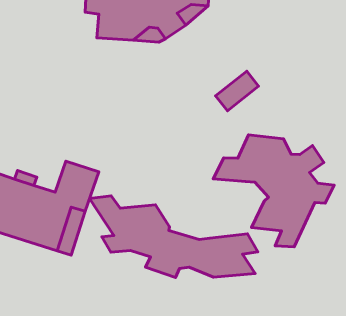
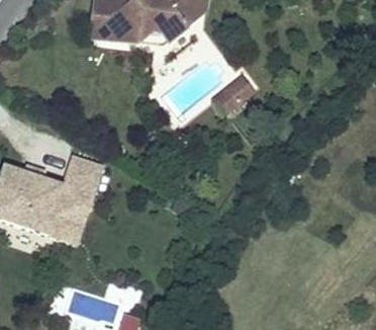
building: [213,135,334,247] -> none
building: [90,196,258,278] -> none

